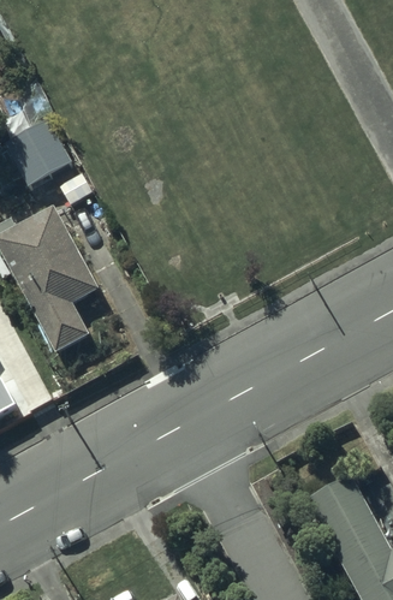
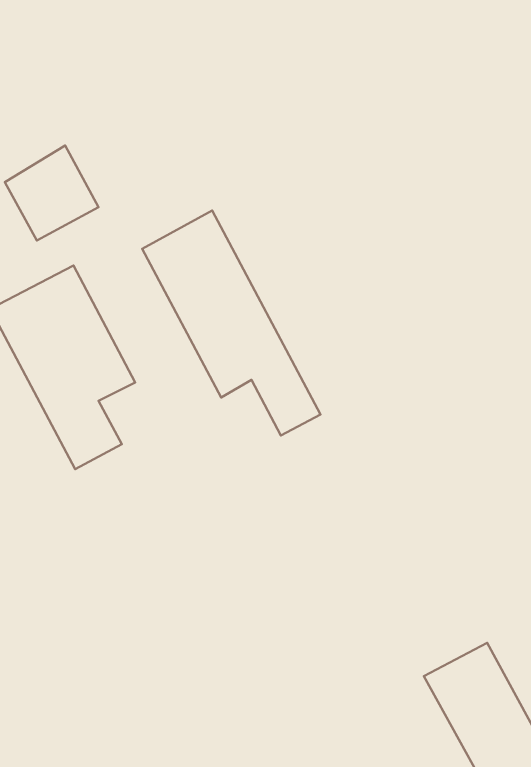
building: none -> [142,210,321,435]

